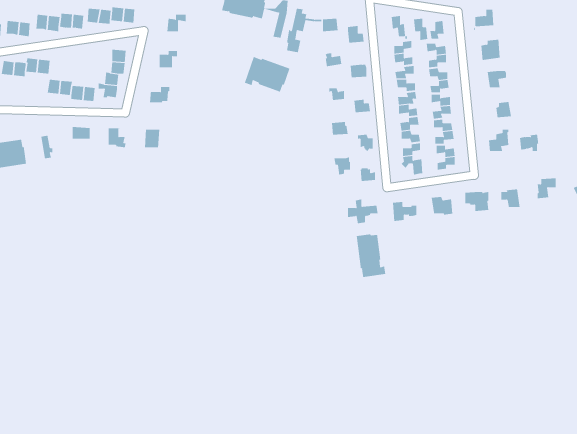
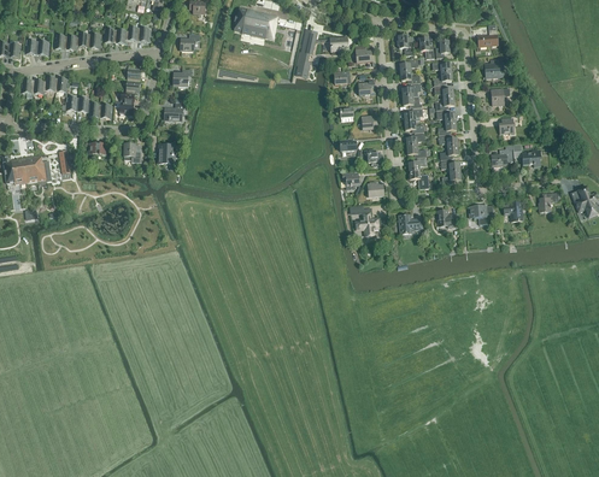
building: [244,56,290,92] -> none
building: [356,234,386,278] -> none

